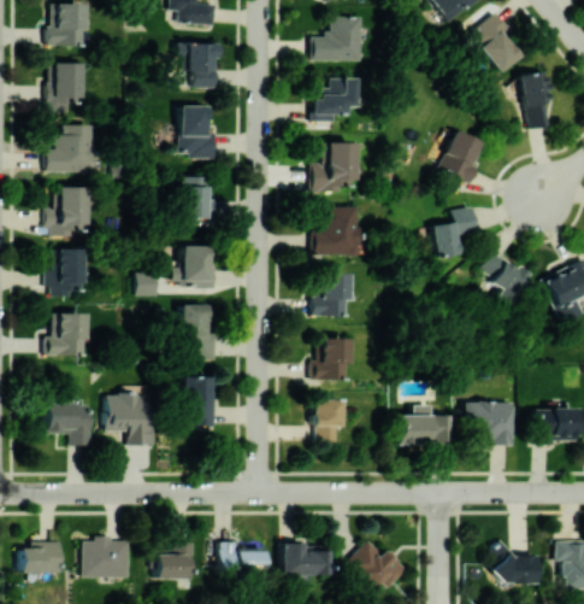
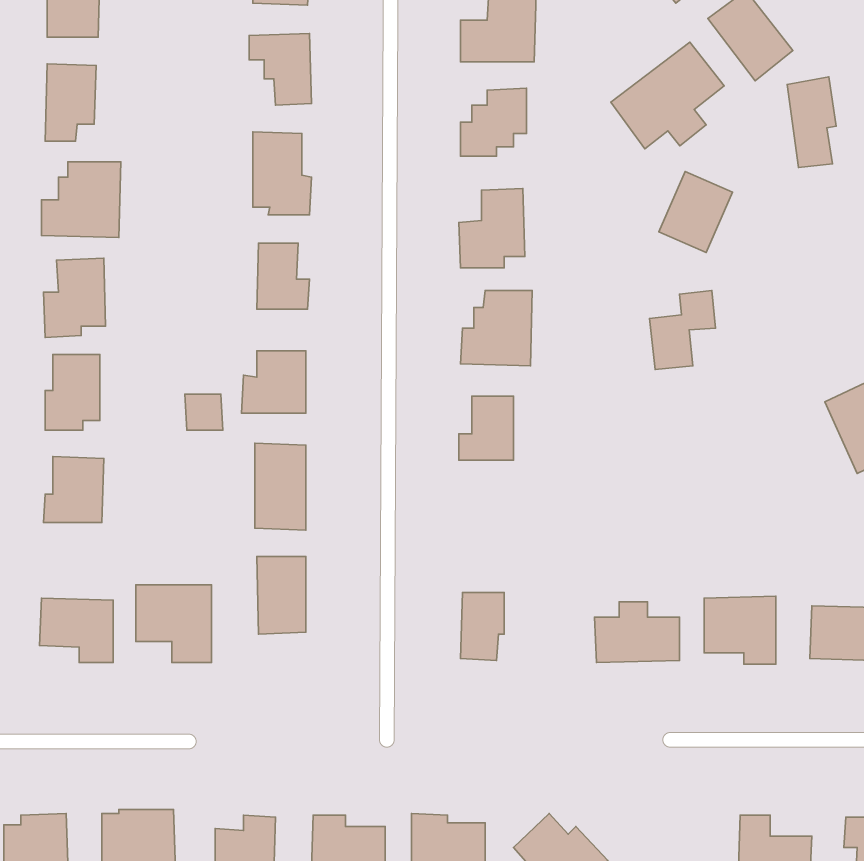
building: none -> [611,42,724,149]
building: [483,253,530,306] -> none
building: [313,338,348,379] -> none

